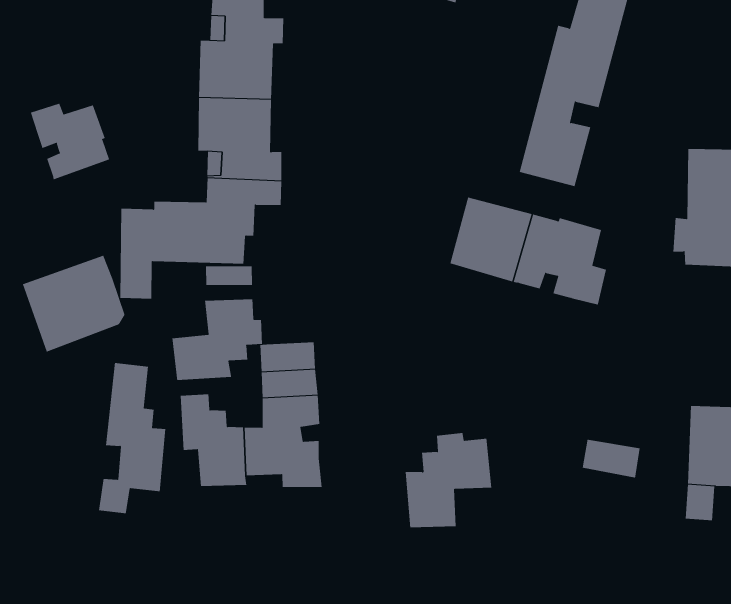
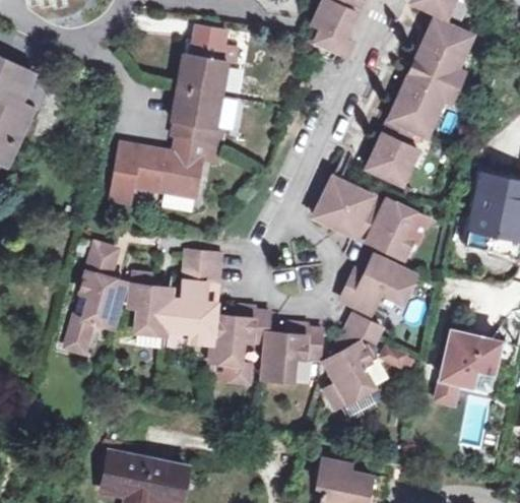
building: [30,103,110,180] -> none
building: [22,255,125,352] -> none
building: [172,298,262,381] -> none
building: none -> [342,260,416,315]
building: none -> [324,313,381,407]
building: none -> [211,305,270,380]

